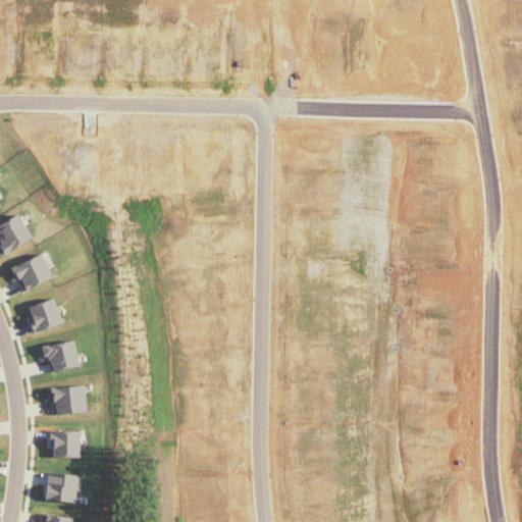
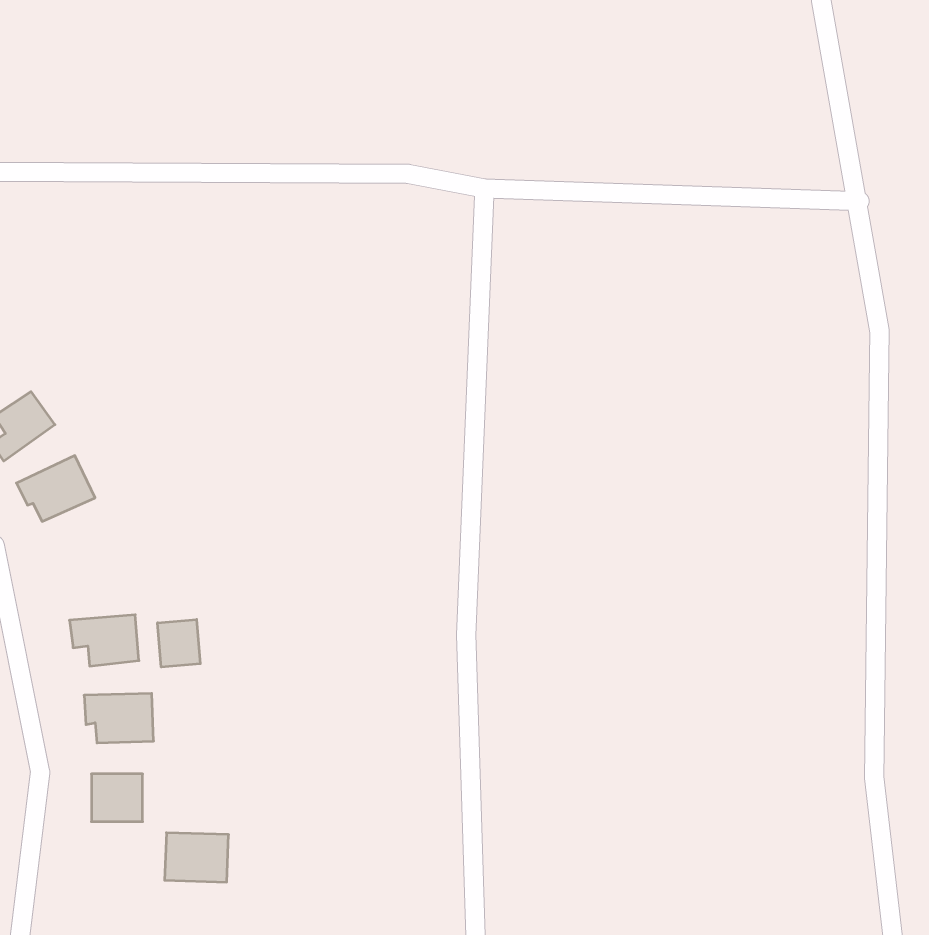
building: [25,298,62,333] -> none
building: none -> [158,619,200,667]
building: [46,474,82,502] -> [165,833,229,882]

